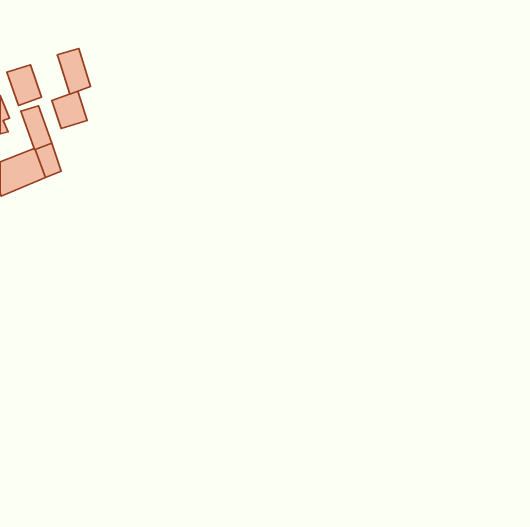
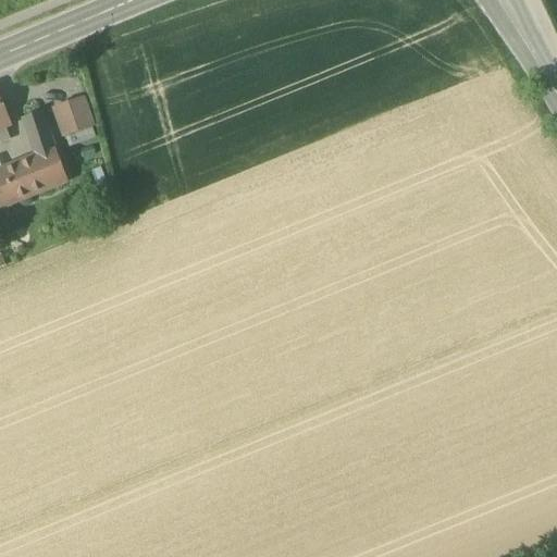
building: [57,48,91,94] -> none
building: [7,65,42,106] -> none

